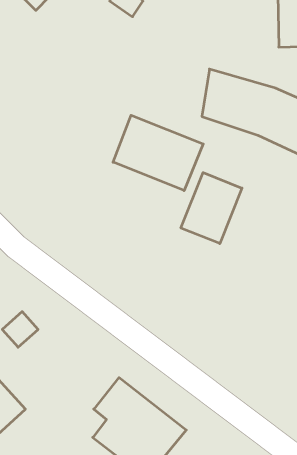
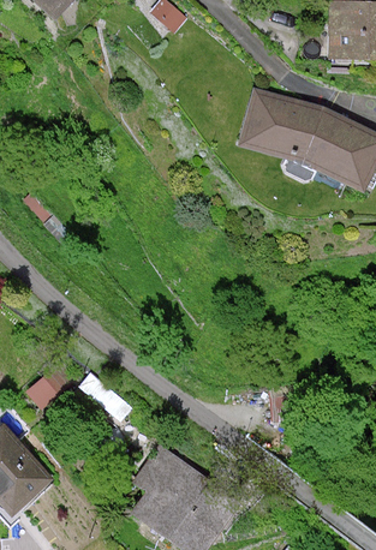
building: [113,115,203,191] -> none
building: [181,173,242,244] -> none

